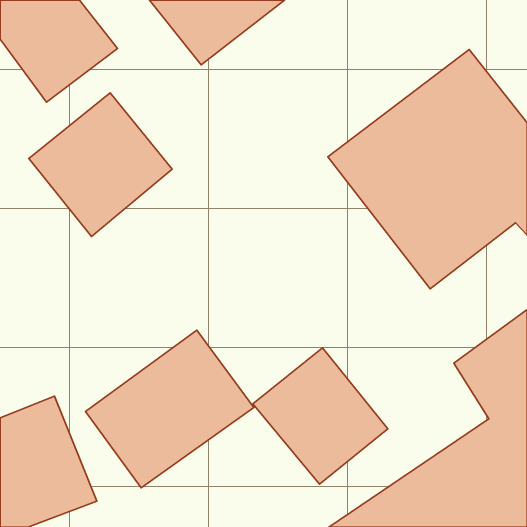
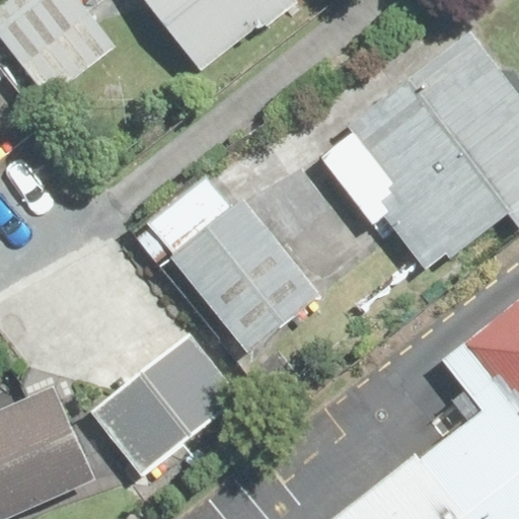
building: [29,93,172,236] -> none
building: none -> [148,171,321,353]
building: [253,348,388,484] -> none

